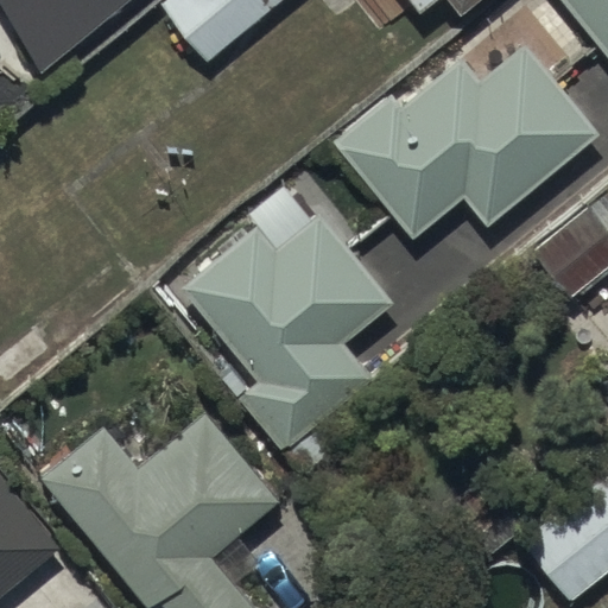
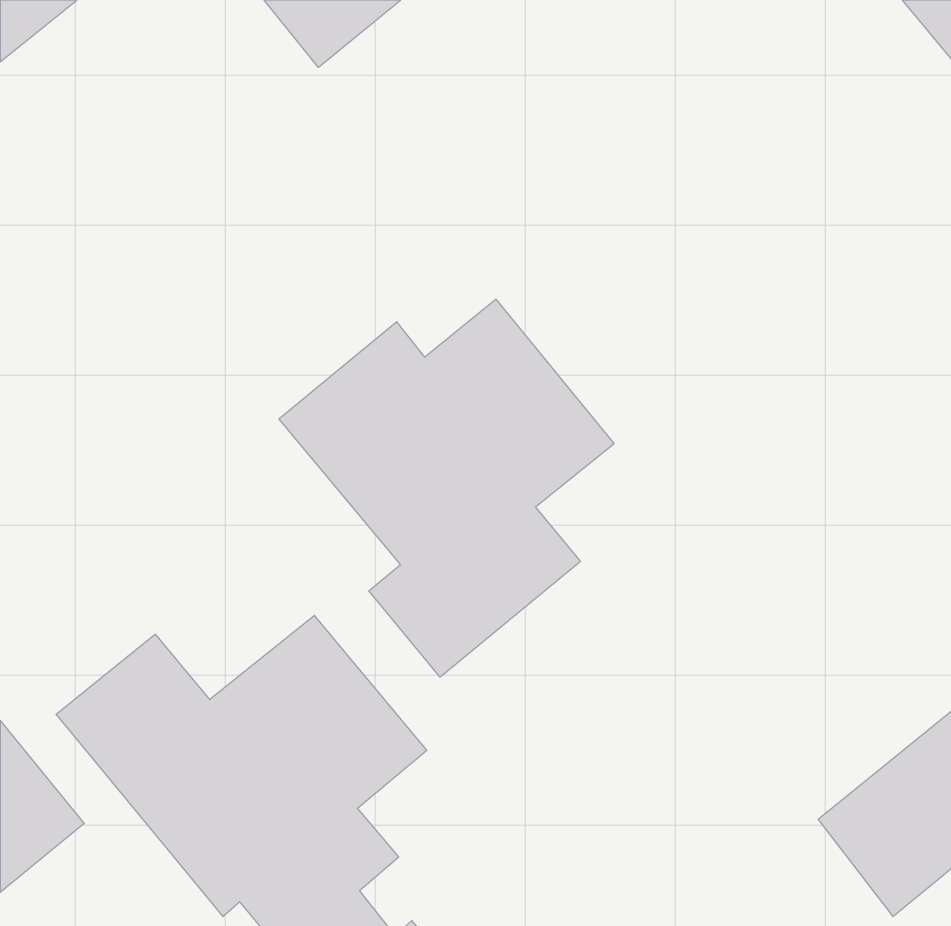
building: [331,42,596,236] -> none

